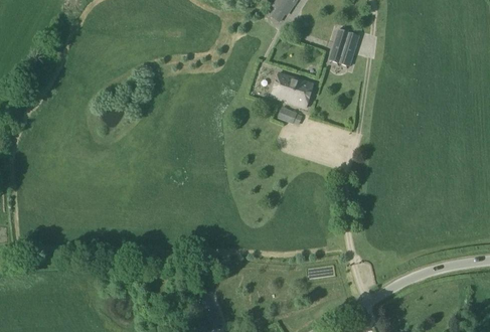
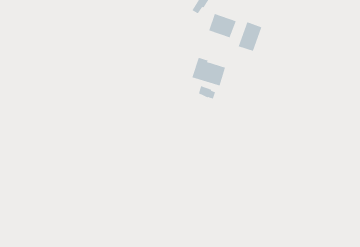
building: none -> [208,13,236,38]

